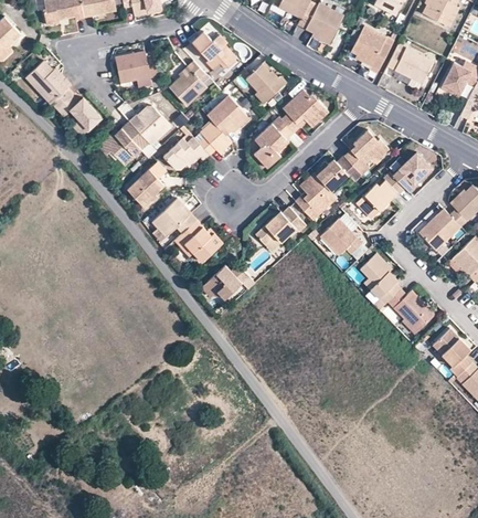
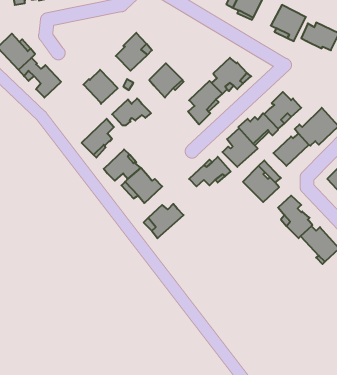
building: [190,29,233,66] -> none
building: [115,51,159,88] -> none
building: [246,64,287,103] -> none
building: [98,120,149,165] -> none
building: [199,121,232,155] -> none

